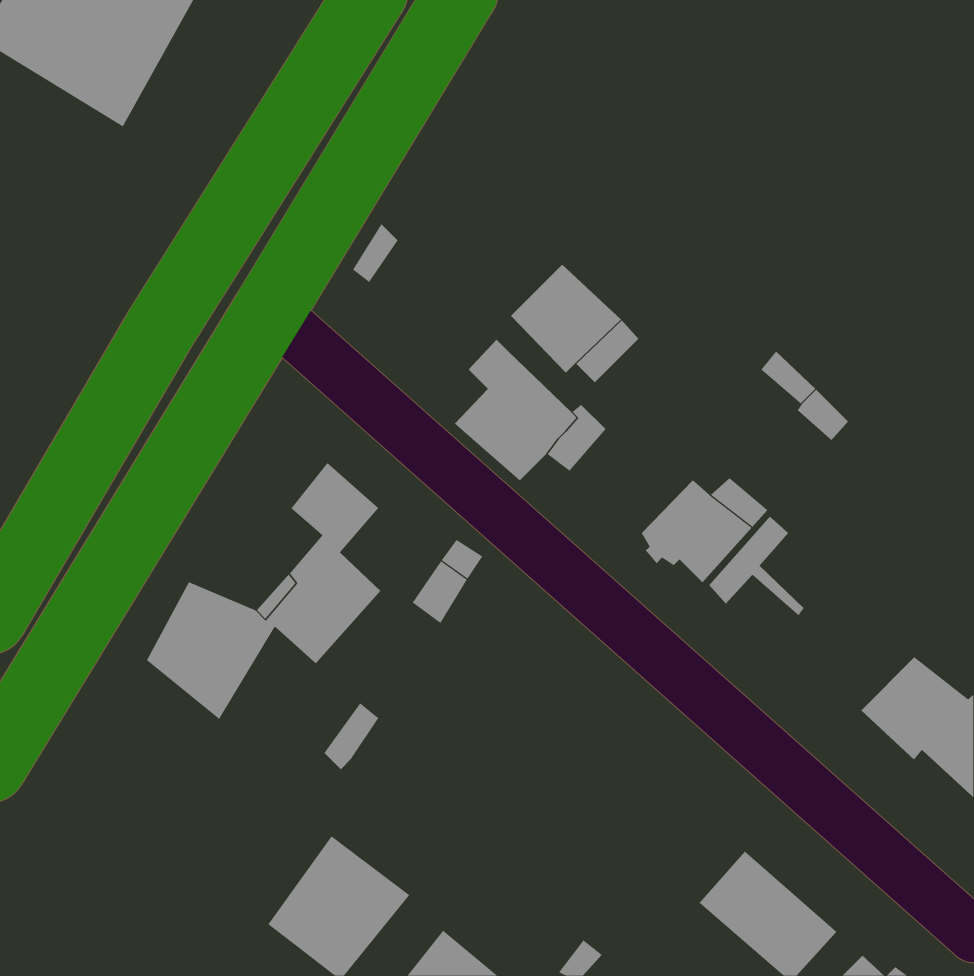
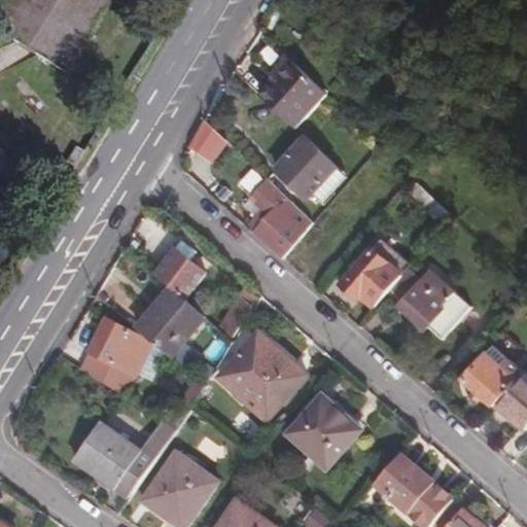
building: none -> [253,63,318,129]
building: none -> [407,277,471,344]
building: none -> [222,331,304,417]
building: none -> [287,395,358,466]
building: none -> [76,419,171,494]

